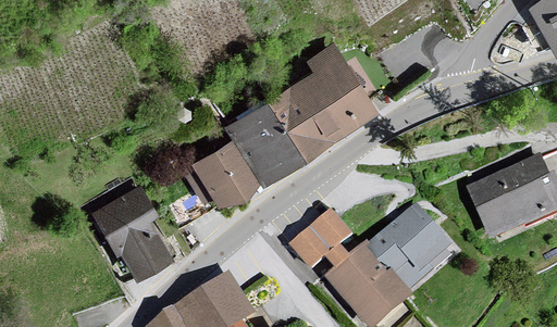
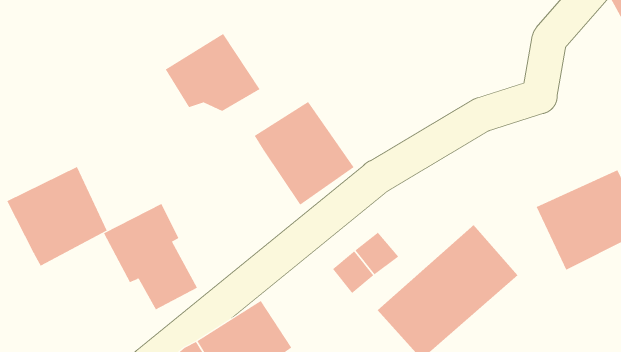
building: [271,41,379,155] -> none
building: [180,140,263,209] -> [165,33,261,112]
building: none -> [6,166,108,266]

